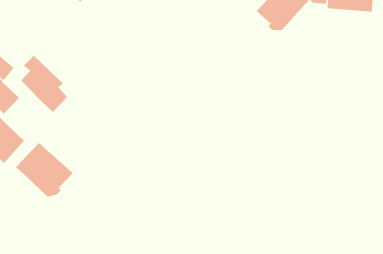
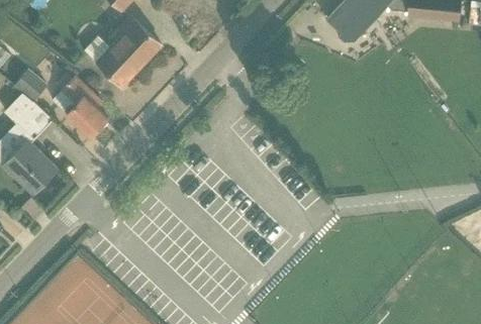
building: none -> [84,15,161,87]
building: [15,142,73,197] -> none

